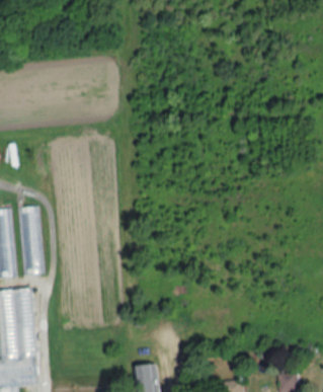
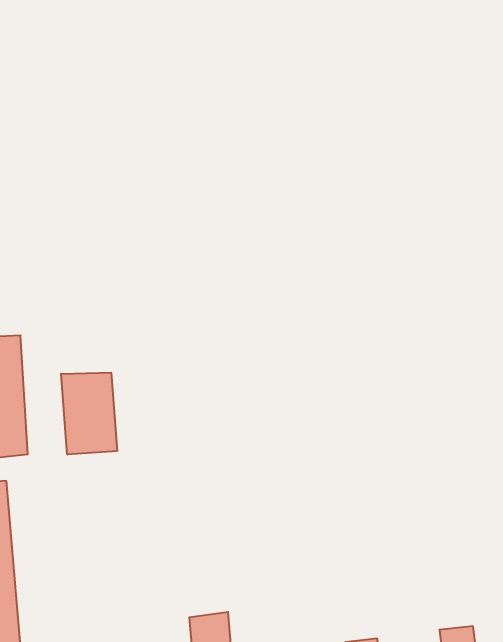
building: none -> [61,373,117,455]

